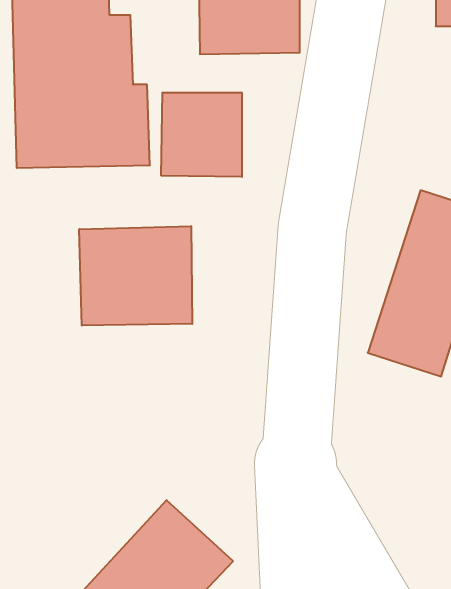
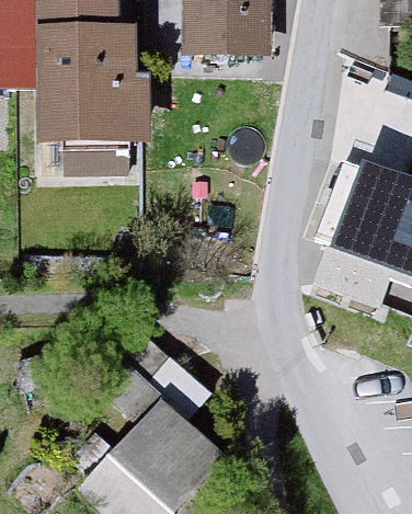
building: [161,93,242,177] -> none
building: [79,226,192,326] -> none

